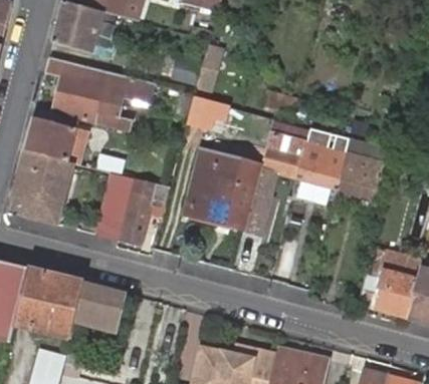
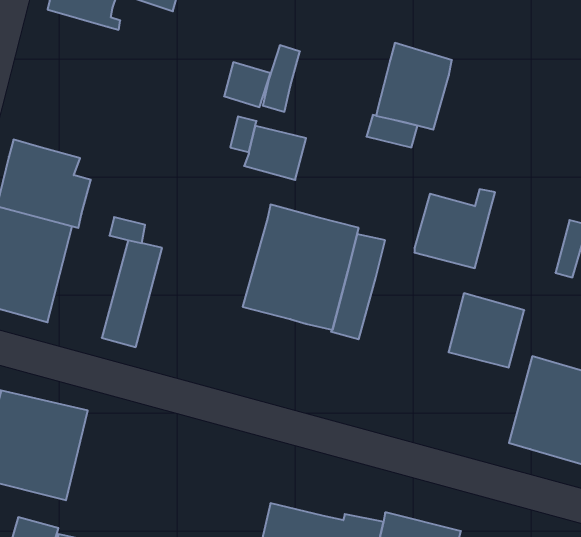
building: [53,22,104,53] -> none
building: [45,57,156,130] -> none
building: [259,120,308,176] -> [376,43,452,130]
building: [336,151,385,200] -> [448,293,524,368]
building: [121,178,170,246] -> none
building: [75,282,126,334] -> none

